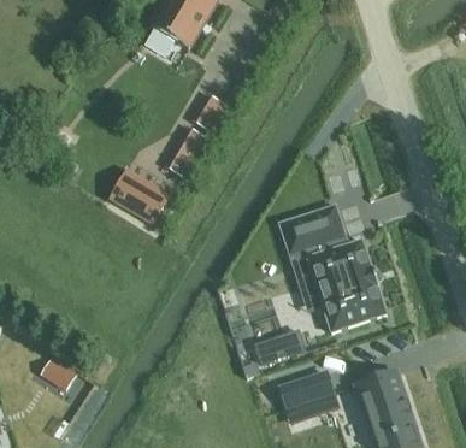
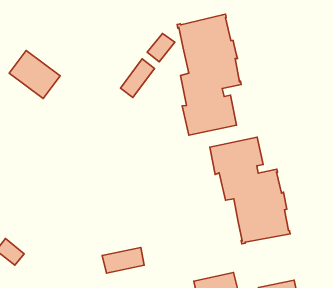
building: none -> [177,14,241,135]
building: [108,170,169,224] -> [9,51,60,98]
building: [253,330,303,365] -> [102,248,144,273]

